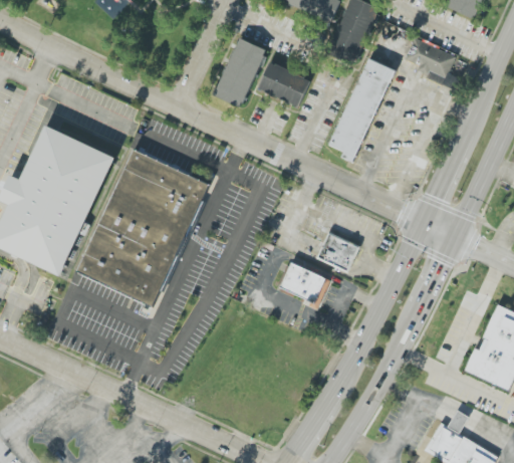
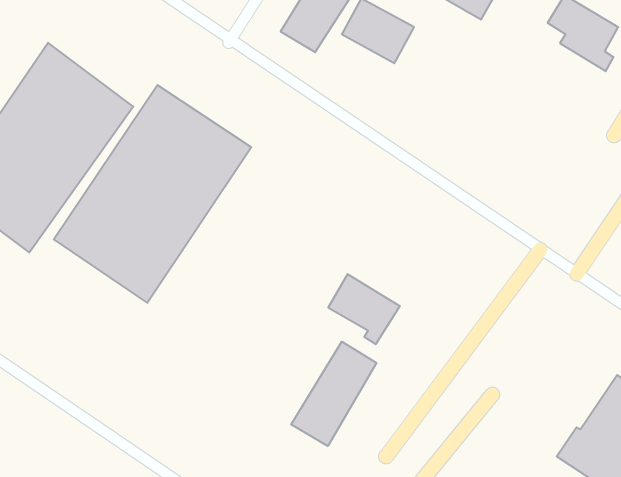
building: [330,57,393,163] -> none
building: [316,233,358,271] -> none
building: none -> [291,342,376,446]

